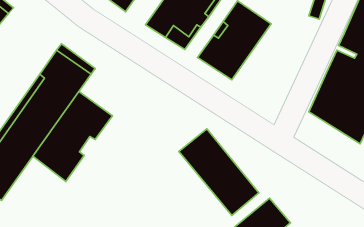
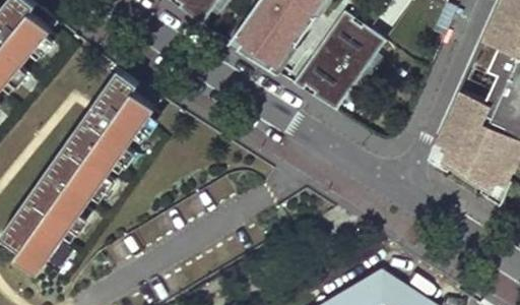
building: [33,92,112,182] -> none
building: [179,129,259,216] -> none

